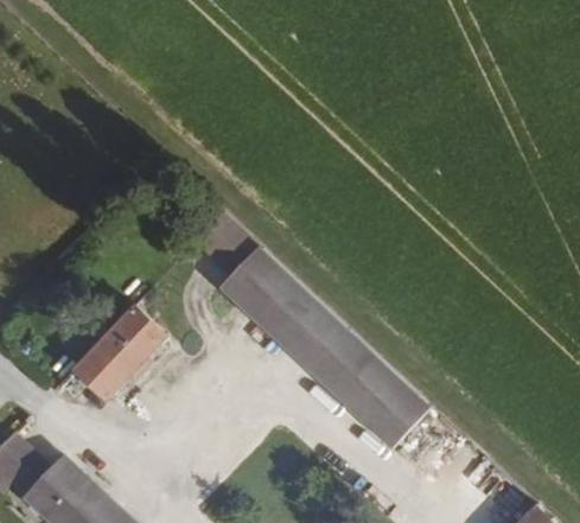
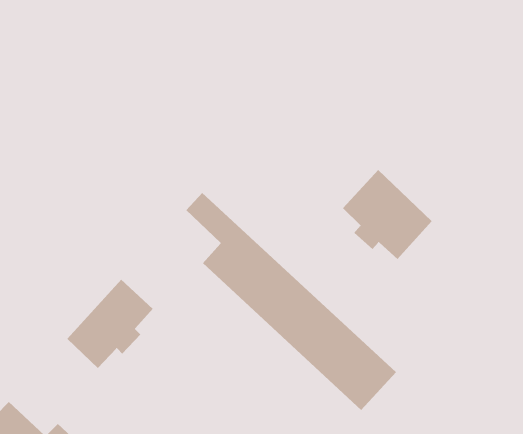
building: none -> [342,169,433,260]

